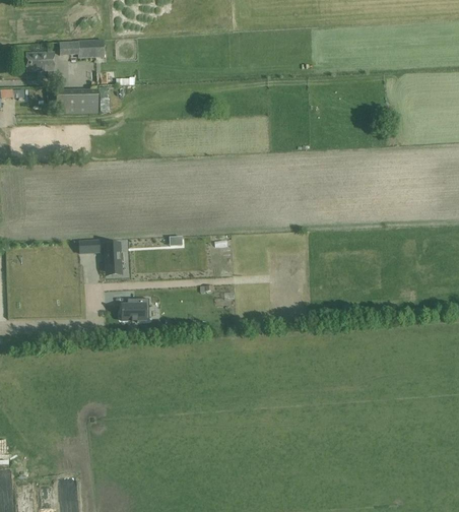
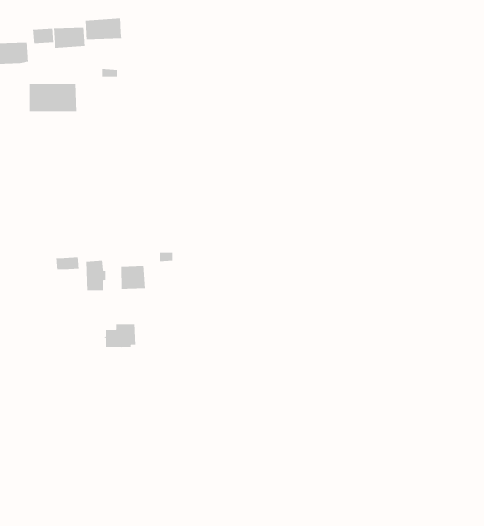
building: none -> [85,18,122,40]
building: none -> [121,265,146,290]

